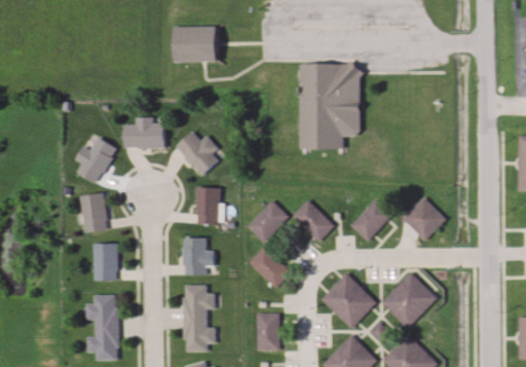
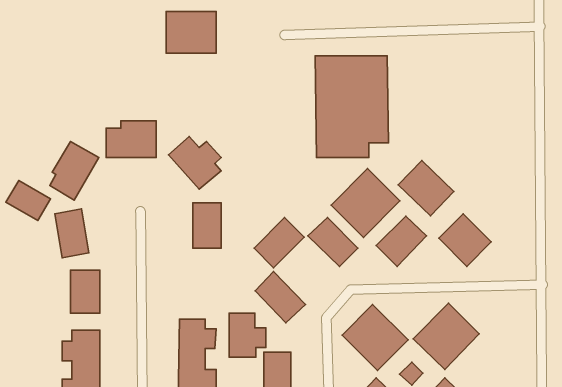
building: none -> [398,160,454,216]
building: none -> [331,169,400,237]
building: none -> [6,180,51,221]
building: [184,237,215,274] -> [229,313,266,357]

